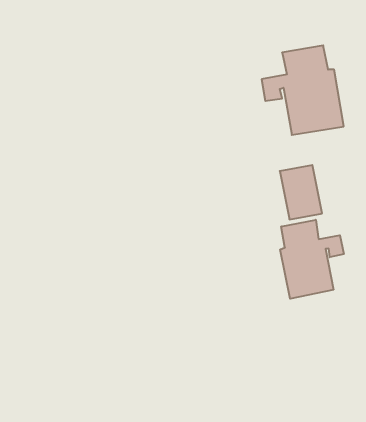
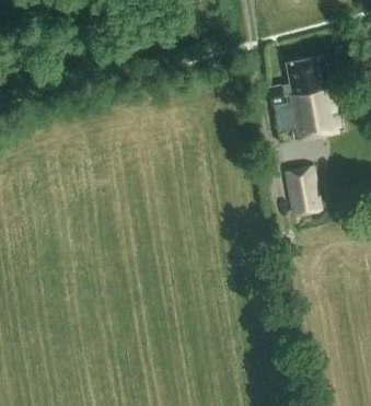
building: [280,220,344,299] -> none

